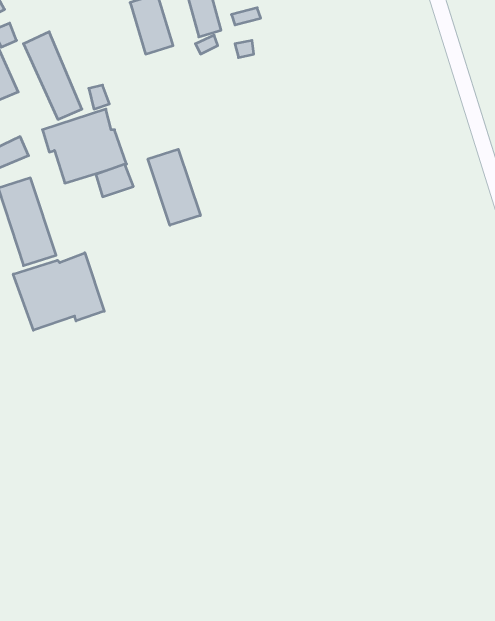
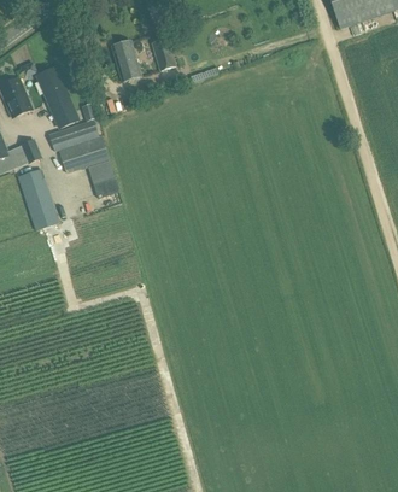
building: [148,149,200,225] -> none
building: [13,253,104,330] -> none

